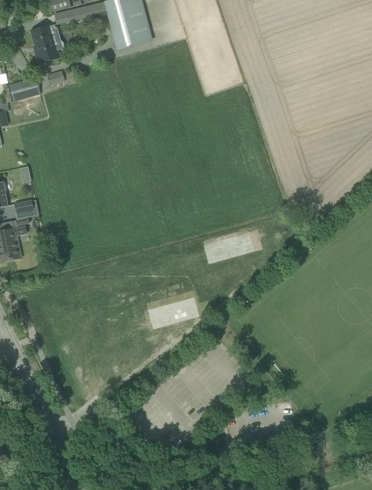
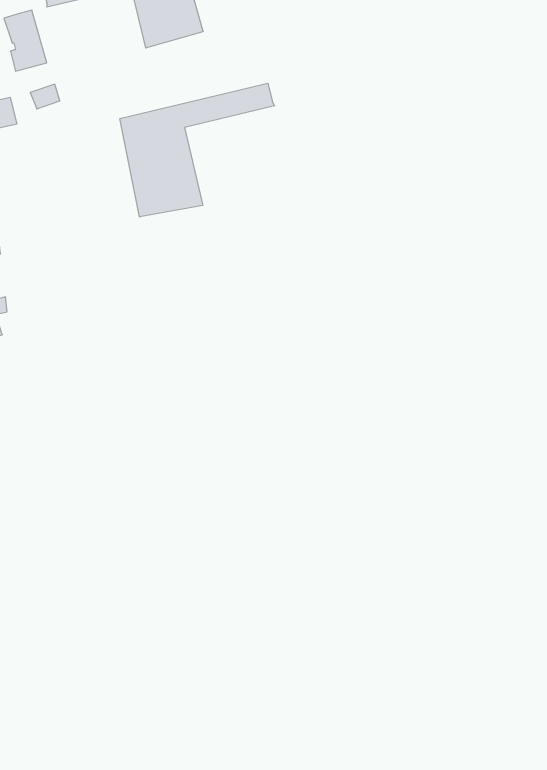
building: none -> [120,83,274,217]

